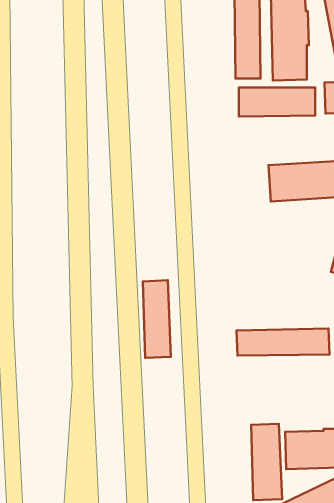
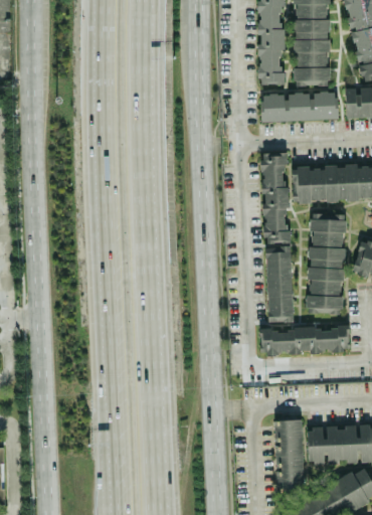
building: none -> [261,152,289,243]
building: none -> [309,213,346,313]
building: [143,280,171,358] -> [266,246,294,322]

